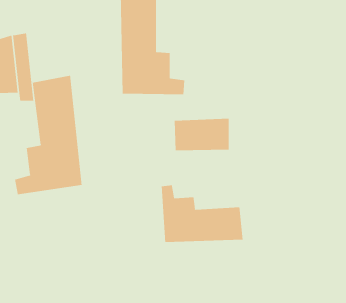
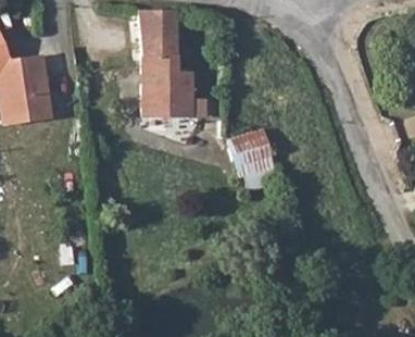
building: [15,75,82,195] -> none
building: [161,184,243,243] -> none

